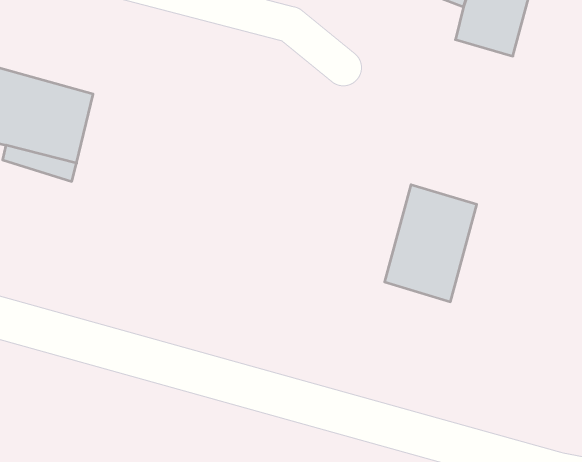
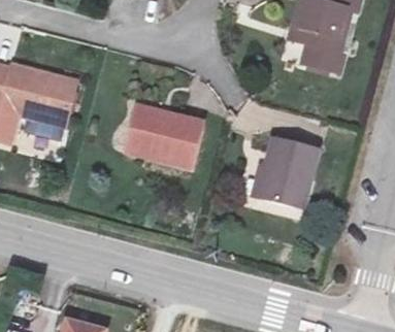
building: none -> [127,106,204,175]

